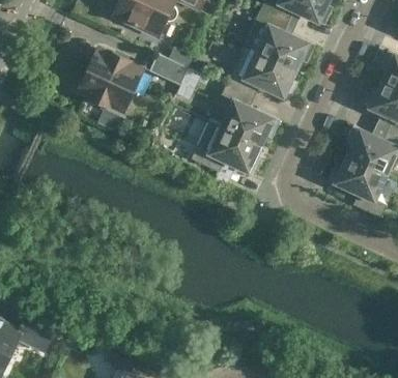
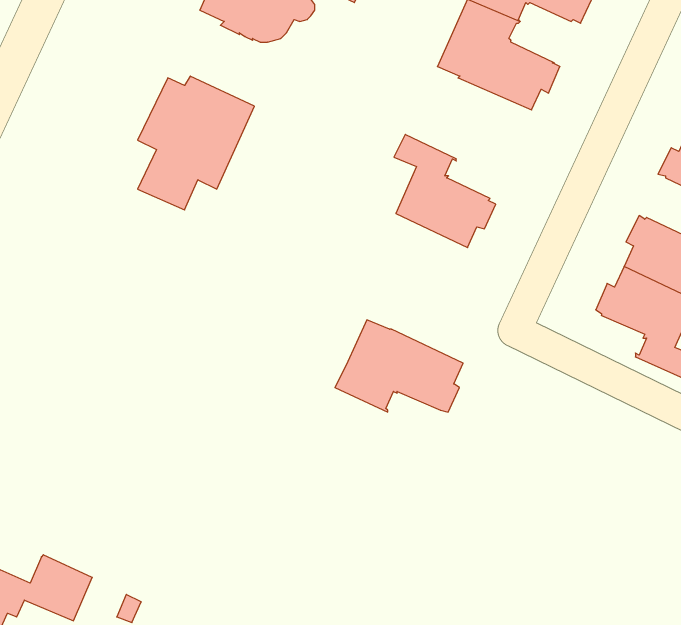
building: [227,46,296,97] -> none
building: [149,54,189,85] -> none
building: [191,121,261,172] -> [335,320,463,412]

